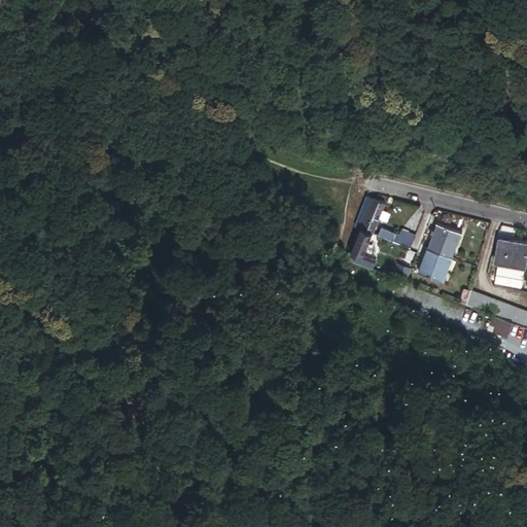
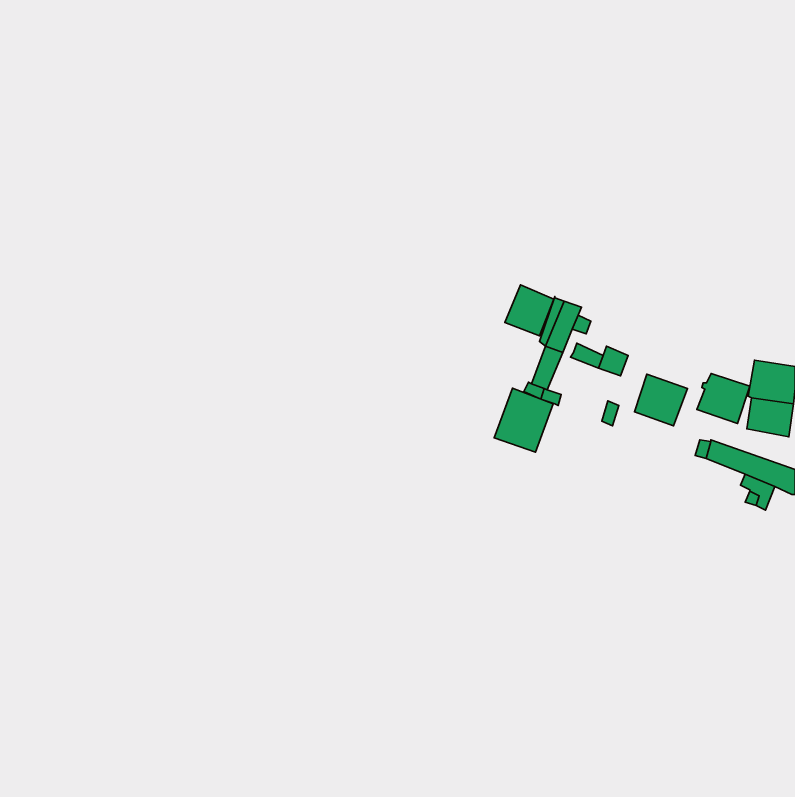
building: none -> [505,285,554,336]
building: [427,223,462,256] -> [697,374,750,423]
building: none -> [494,388,553,452]

